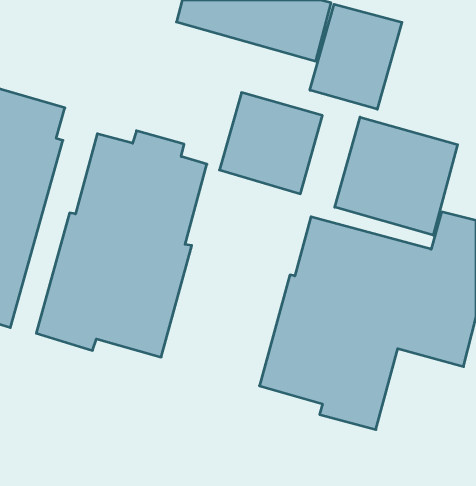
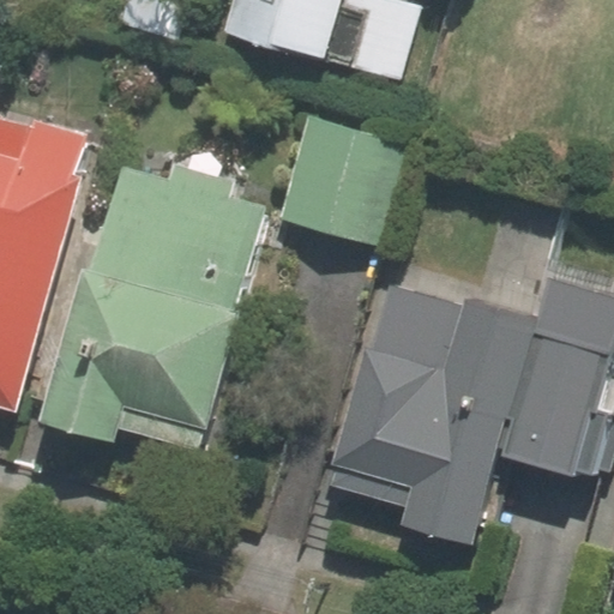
building: [310,4,402,109] -> none
building: [335,117,458,235] -> none

